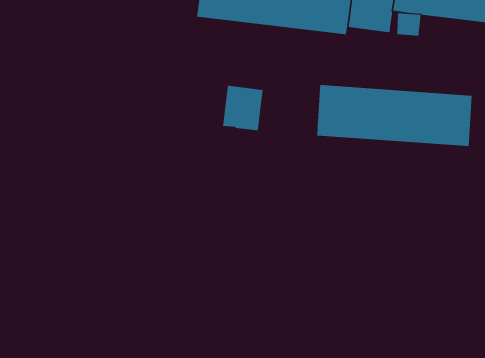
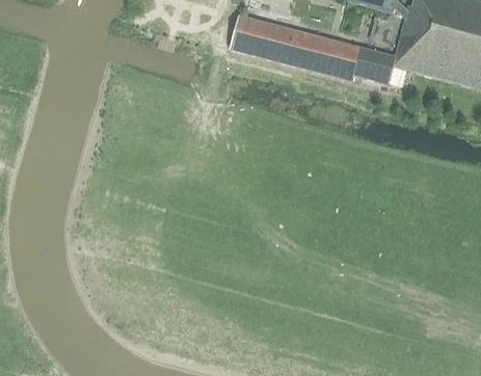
building: [317,84,472,147] -> none
building: [222,85,263,131] -> none

